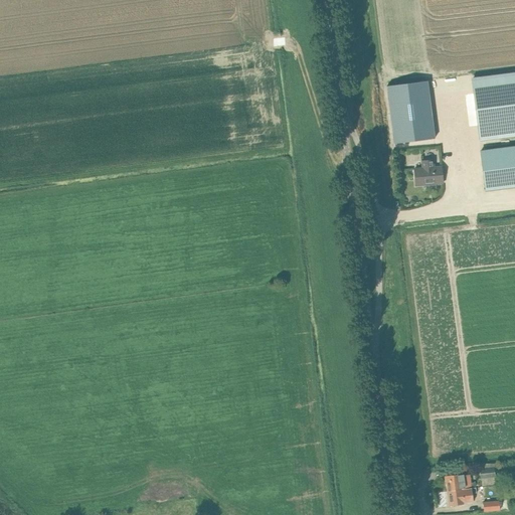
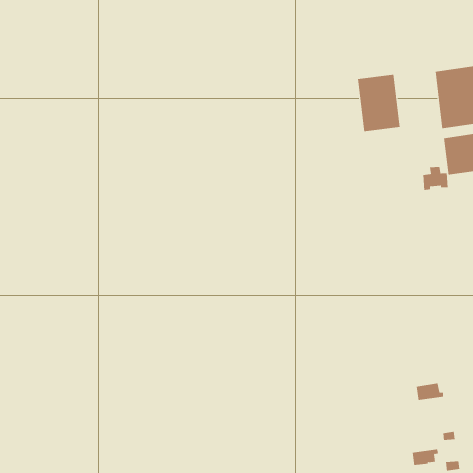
building: [415,159,444,185] -> [423,166,449,191]
building: [446,472,476,491] -> [416,383,444,400]

